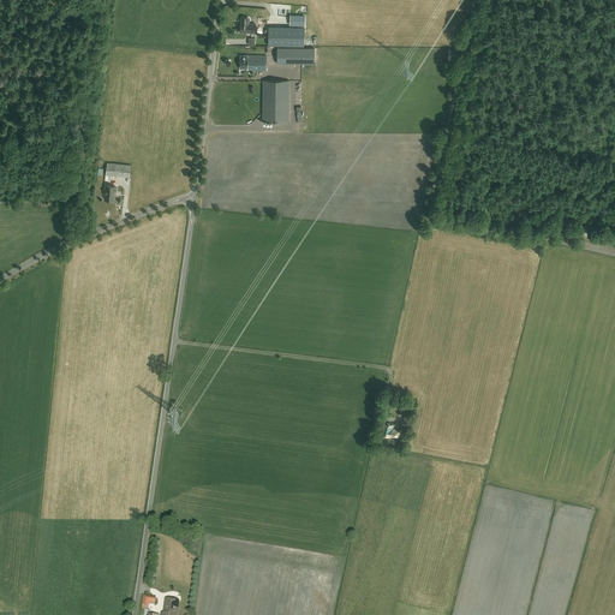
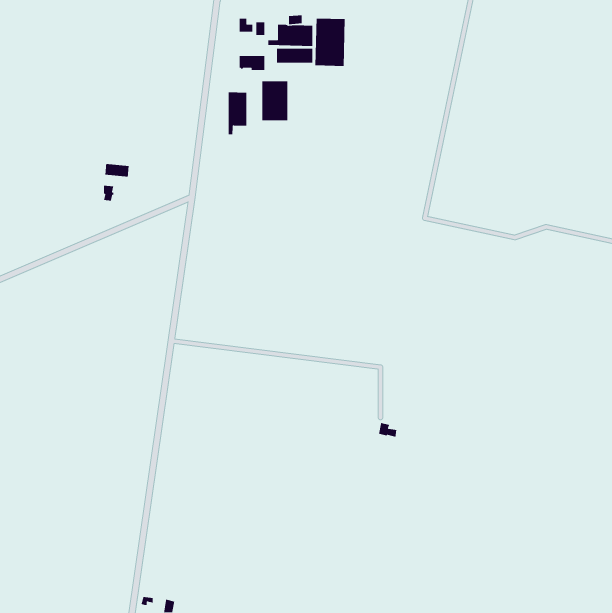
building: none -> [315,18,346,67]
building: none -> [228,92,247,135]

